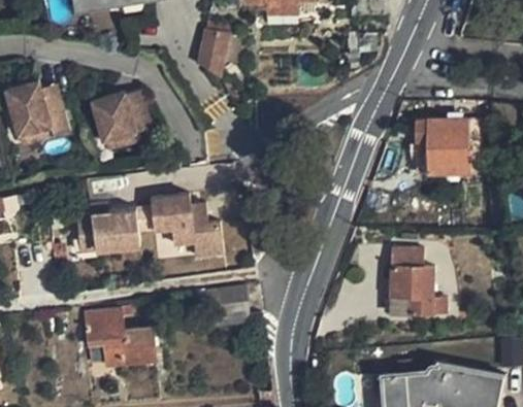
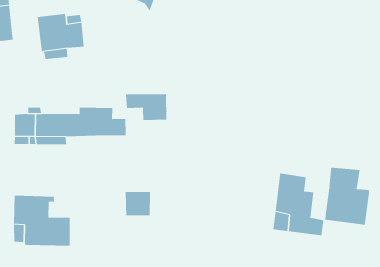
building: [416,118,488,171] -> none
building: [171,226,224,260] -> [125,94,167,120]
building: none -> [324,167,370,225]

